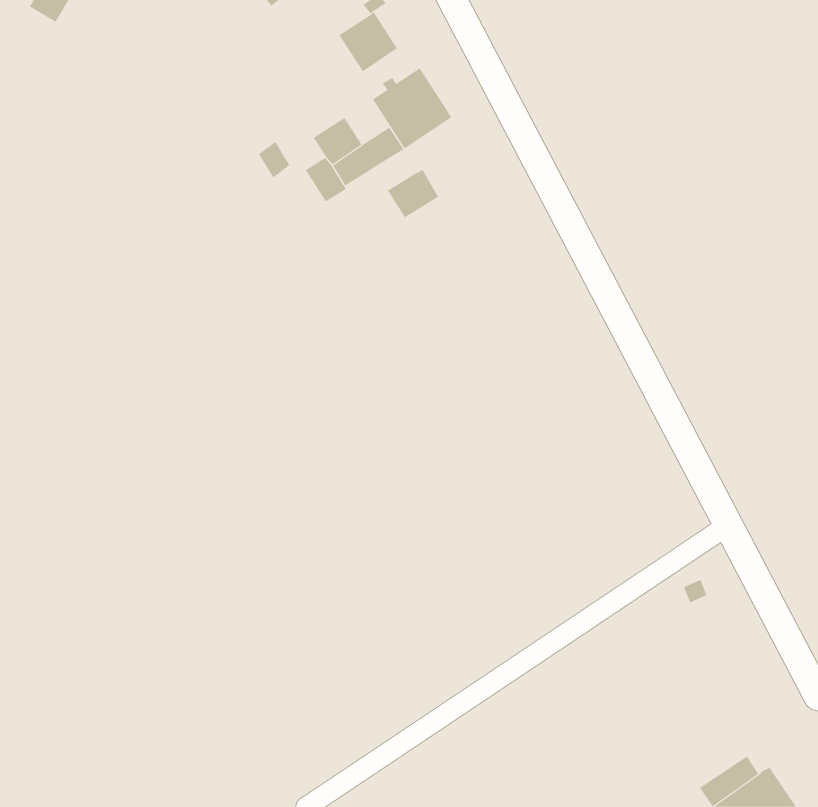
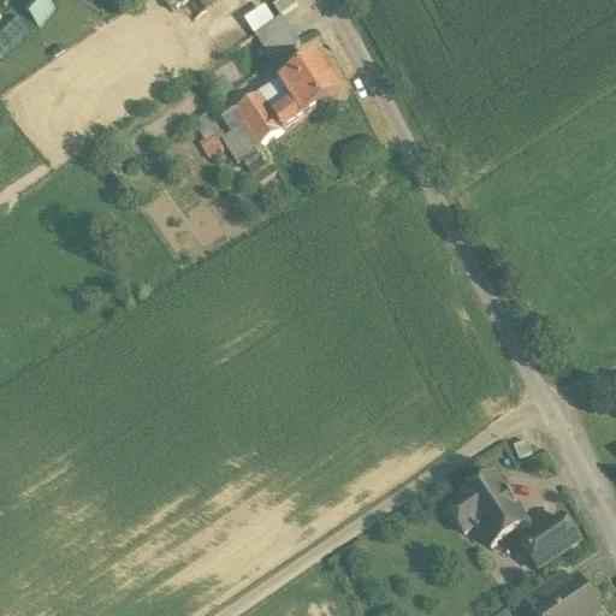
building: [387,169,439,218] -> none
building: none -> [446,470,527,541]
building: none -> [520,511,578,565]

